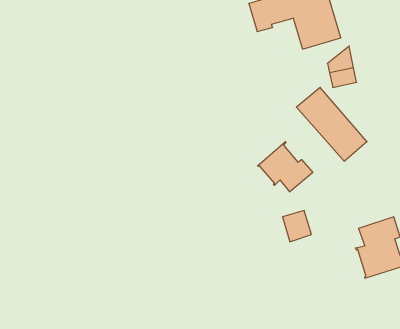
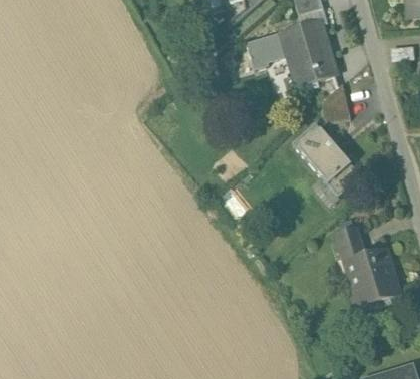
building: [258,142,313,192] -> none
building: [282,211,311,242] -> [335,227,363,257]

